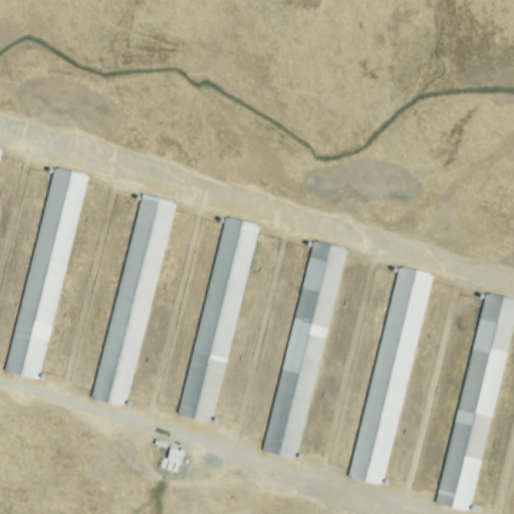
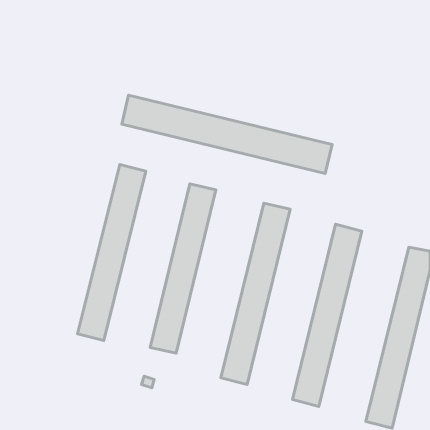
building: none -> [122,95,332,174]
building: [6,169,86,377] -> none

